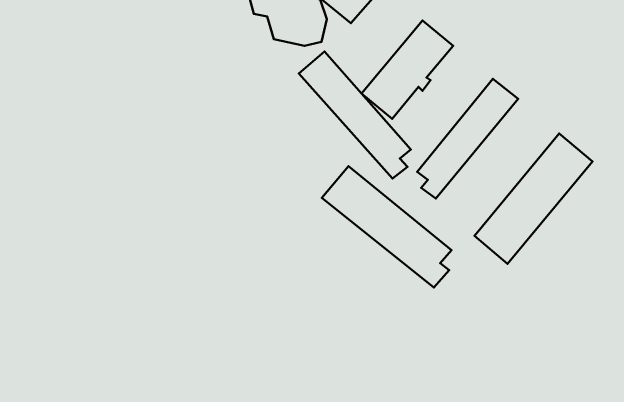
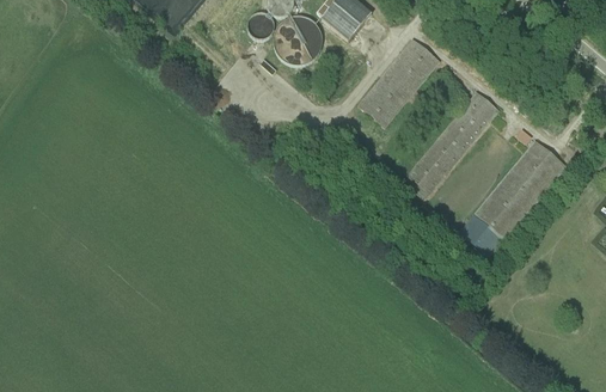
building: [299,52,411,178] -> none
building: [322,166,452,288] -> none

